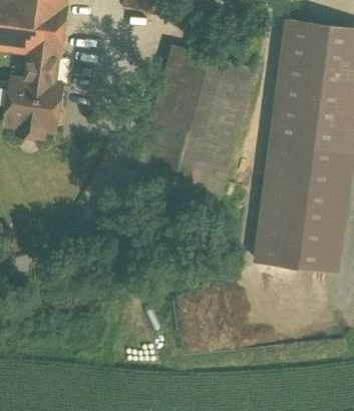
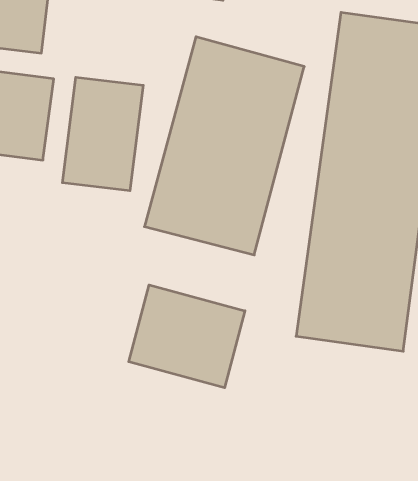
building: none -> [62,77,143,191]
building: none -> [129,285,245,388]

